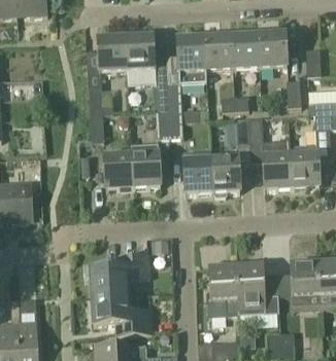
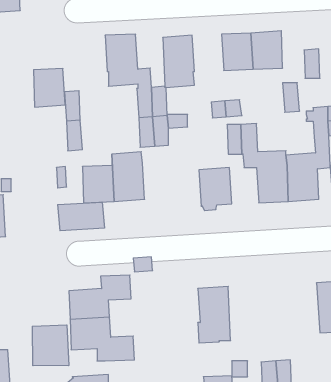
building: [204,35,233,69] -> none
building: [98,36,127,71] -> [34,69,65,107]
building: [183,158,212,192] -> none
building: none -> [58,202,104,231]
building: [292,261,321,308] -> none
building: [237,263,280,314] -> none
building: none -> [32,325,69,366]

